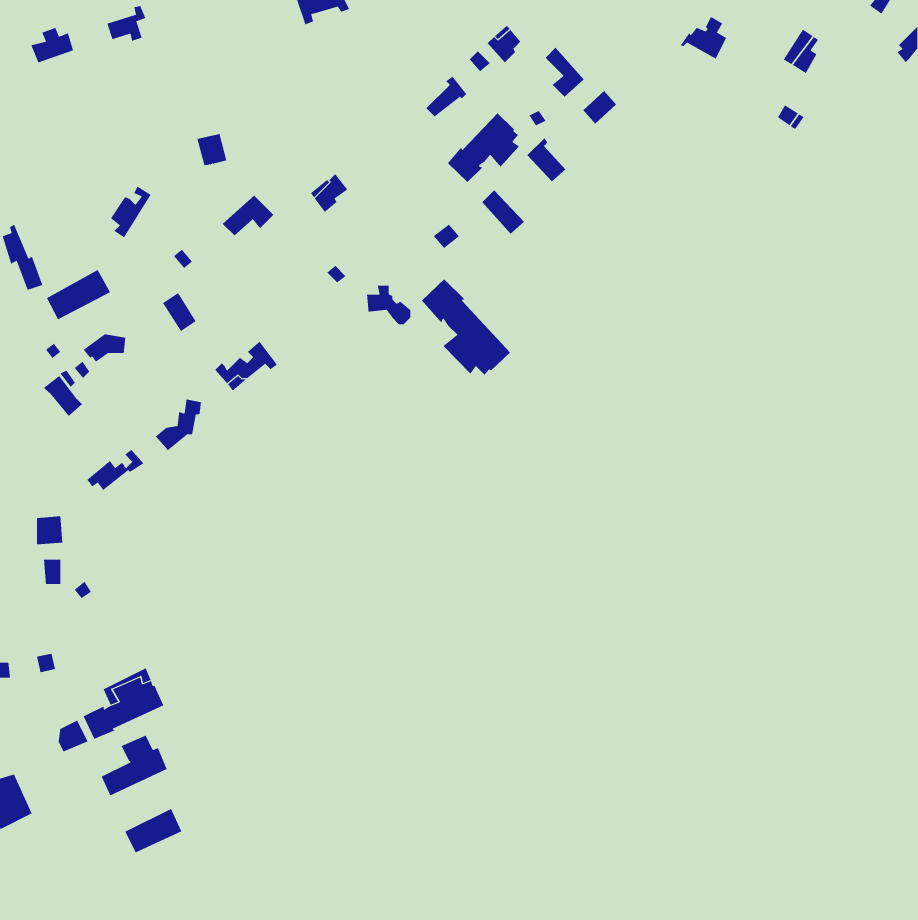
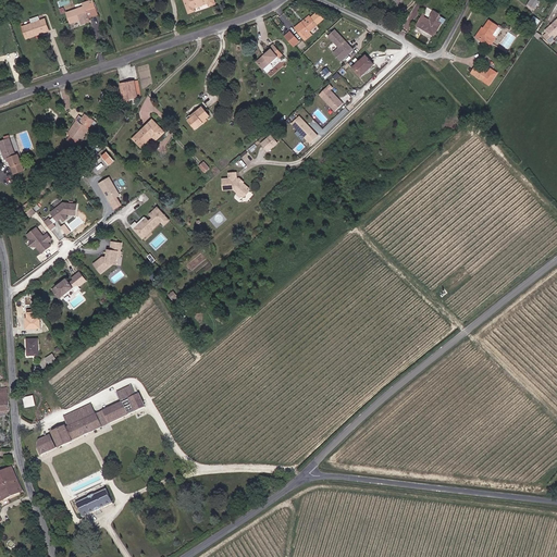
building: [447,113,520,183] -> none
building: [46,269,111,320] -> none
building: [421,278,511,376] -> none
building: [101,735,168,796] -> [101,384,141,421]

